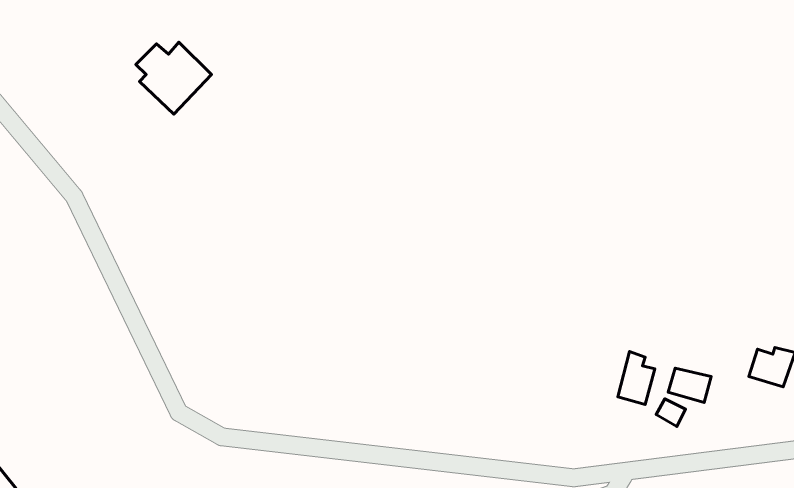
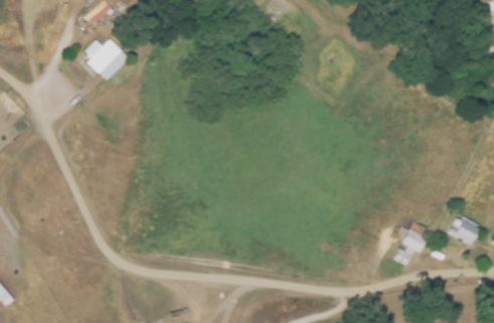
building: [618,351,655,405] -> none

